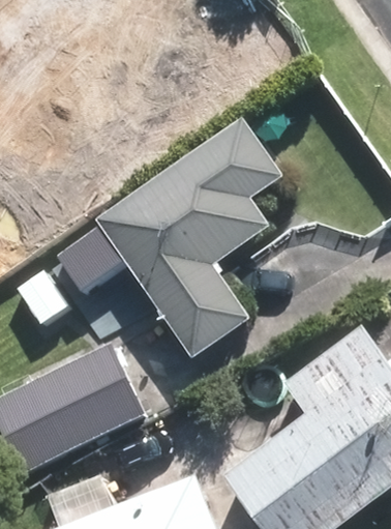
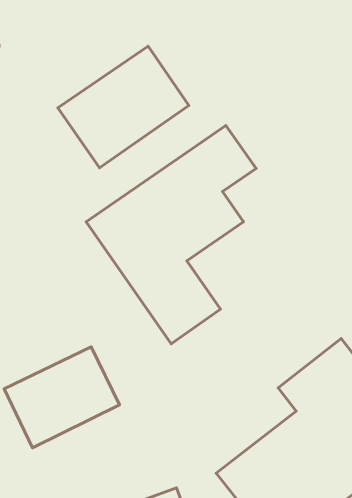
building: none -> [58,46,189,168]

